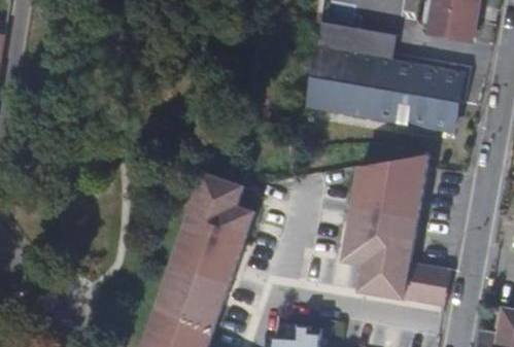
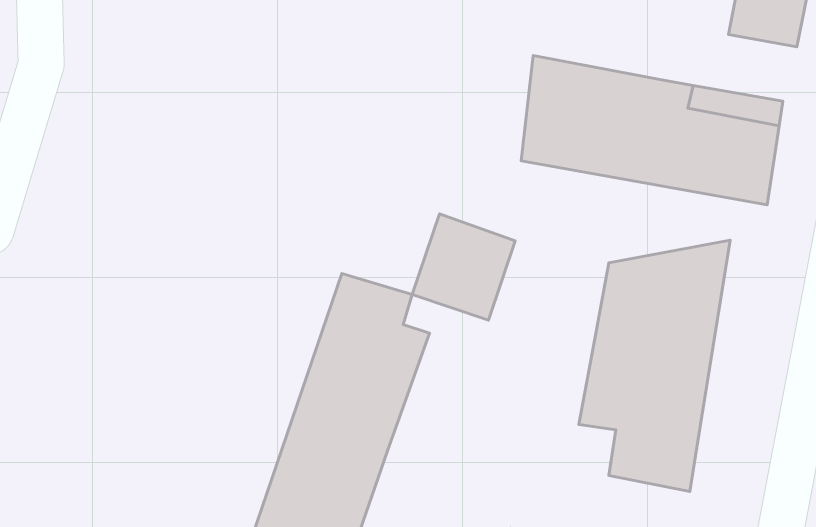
building: [314,21,393,60] -> none
building: none -> [412,214,515,320]
building: [406,263,449,307] -> none

